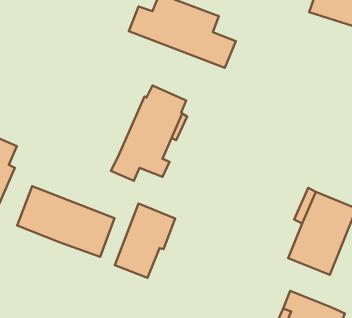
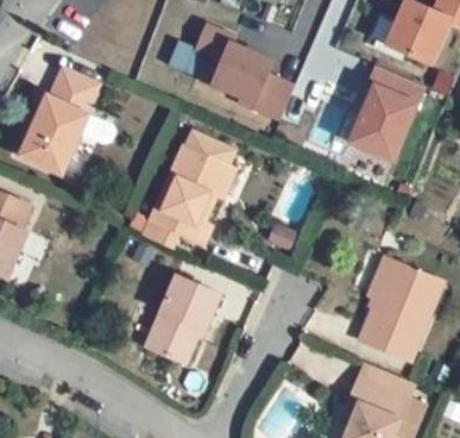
building: none -> [342,63,423,159]
building: none -> [21,70,116,174]
building: [17,186,115,257] -> none

